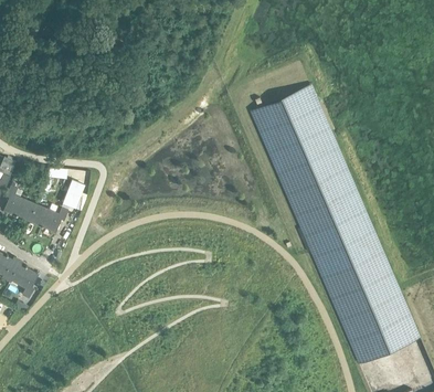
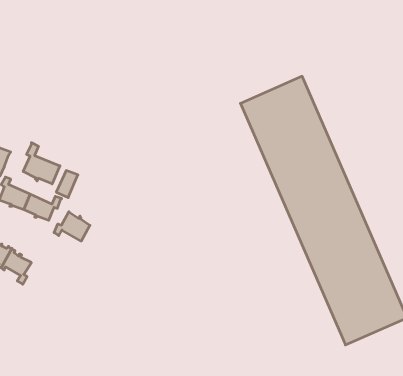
building: none -> [23,143,60,184]
building: none -> [54,212,90,241]

